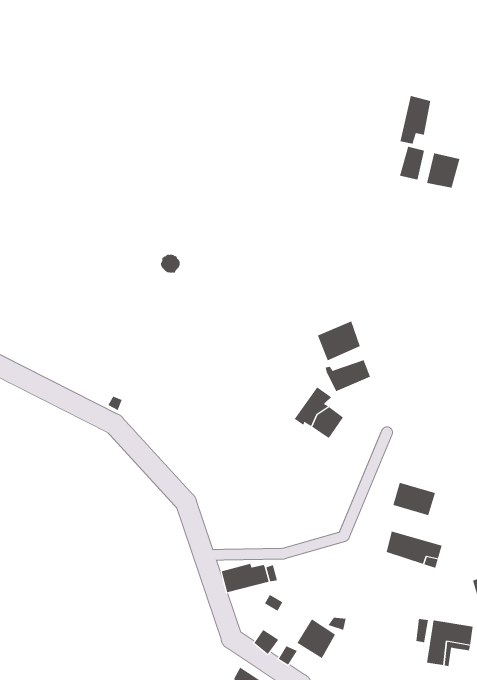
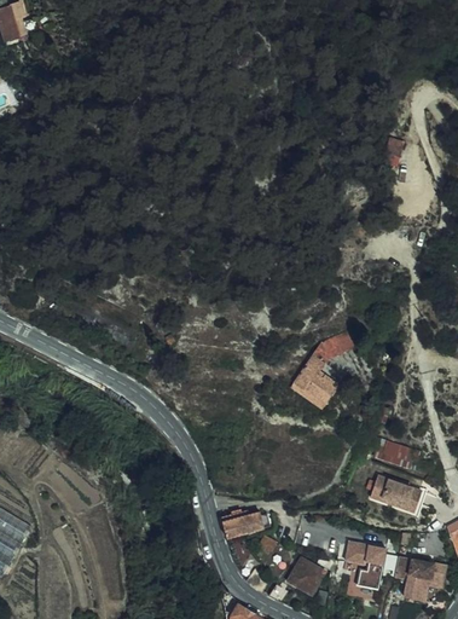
building: [400,95,431,145] -> none
building: [427,152,460,188] -> none
building: [317,321,360,361] -> none
building: none -> [346,543,387,591]

